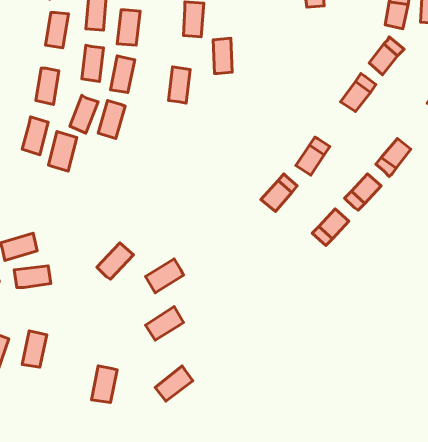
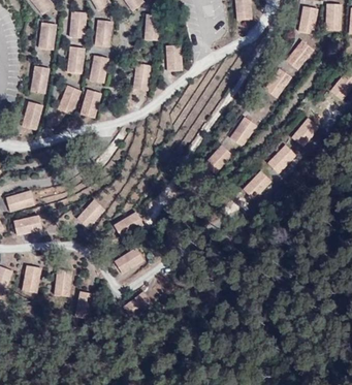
building: [48,132,77,171] -> none
building: none -> [54,270,71,297]

